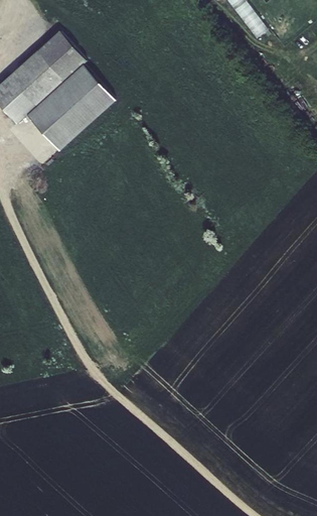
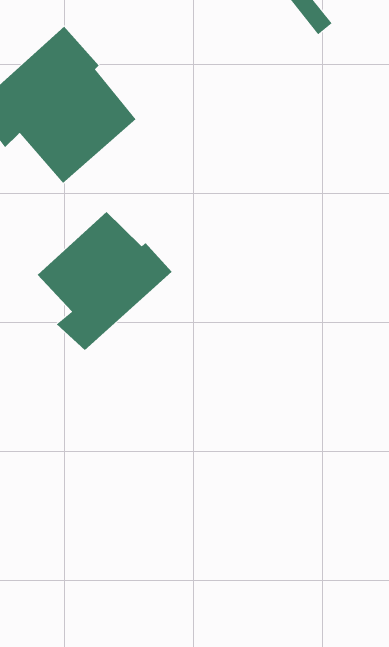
building: none -> [37,211,172,351]

